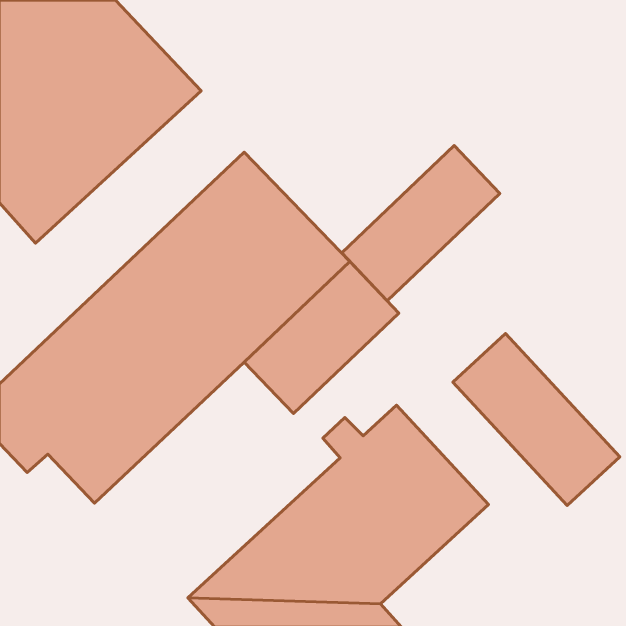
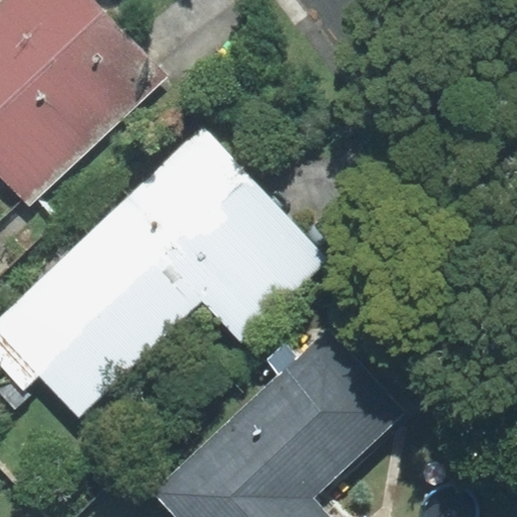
building: [342,146,500,301] -> none
building: [453,333,620,506] -> none

